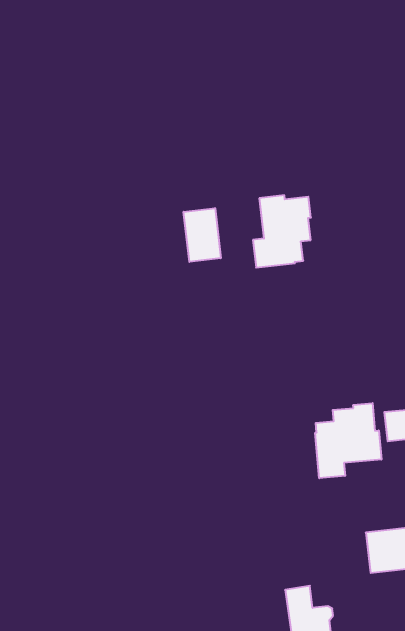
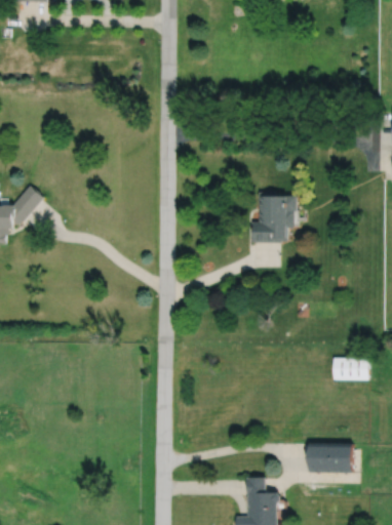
building: [184,208,221,262] -> none
building: [315,403,381,478] -> none

